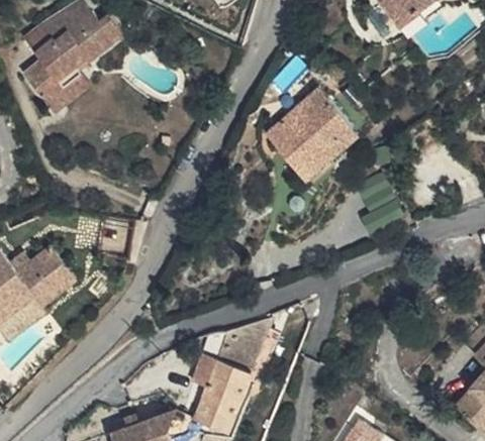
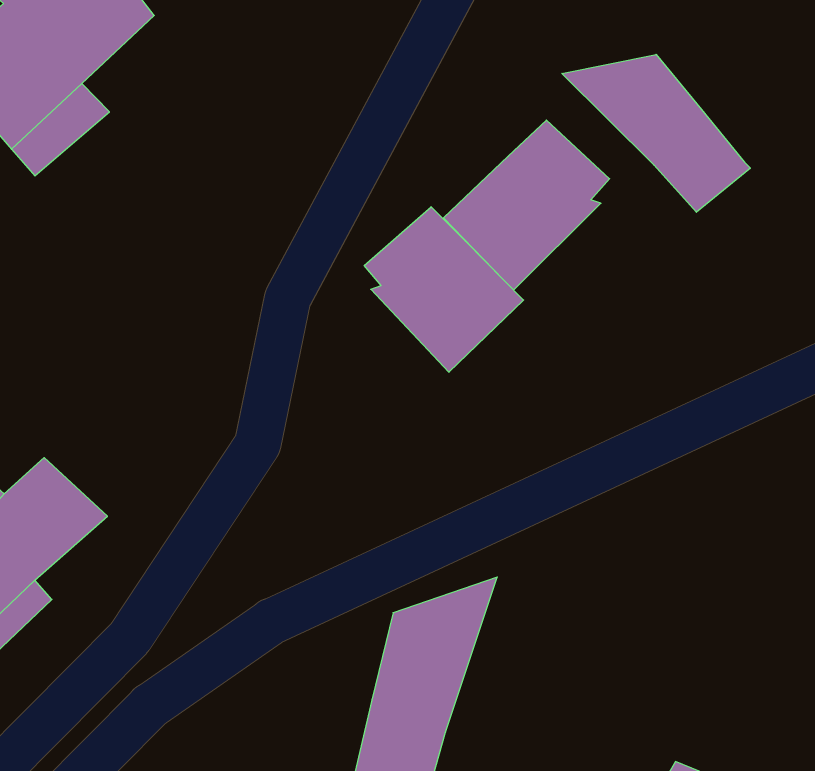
building: none -> [562,54,750,212]
building: none -> [364,207,524,372]

